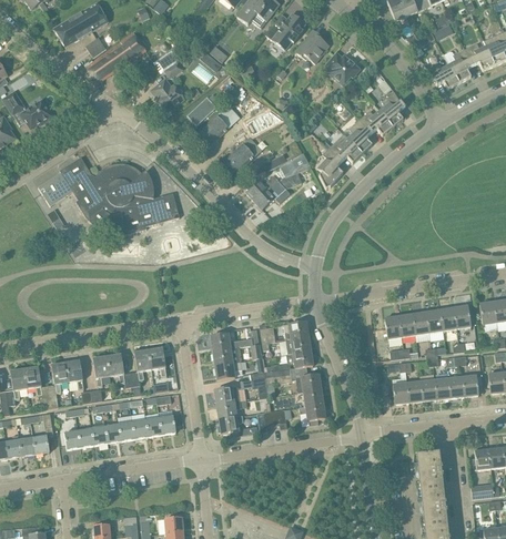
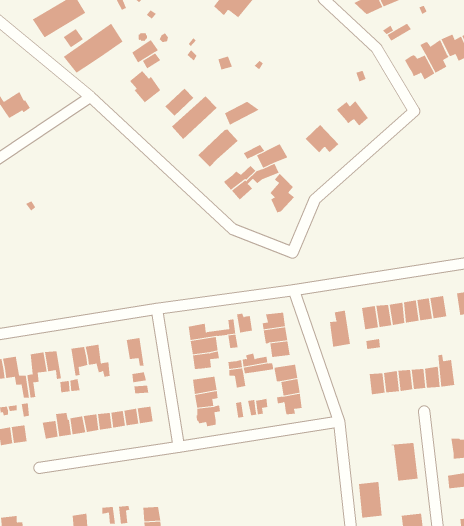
building: [265,13,305,50] -> none
building: [295,29,328,63] -> none
building: [324,51,358,82] -> none
building: [378,91,405,126] -> none
building: [343,119,372,153] -> none
building: [317,148,343,189] -> [269,173,295,214]
building: [38,156,179,234] -> none
building: none -> [329,310,350,347]
building: [131,349,151,395] -> none
building: [421,489,445,526] -> [358,482,382,518]

